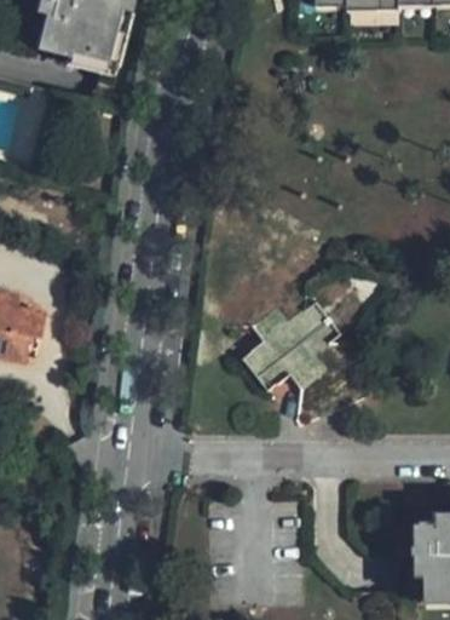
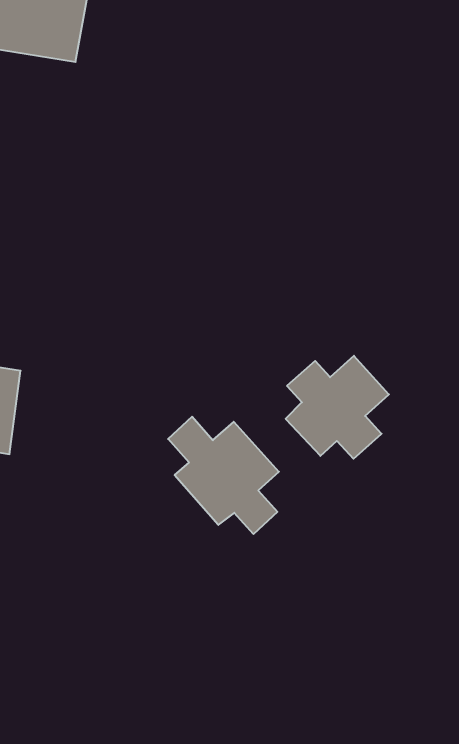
building: none -> [168,417,279,534]

